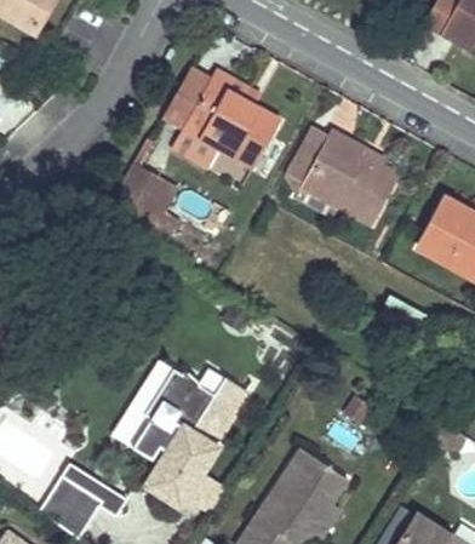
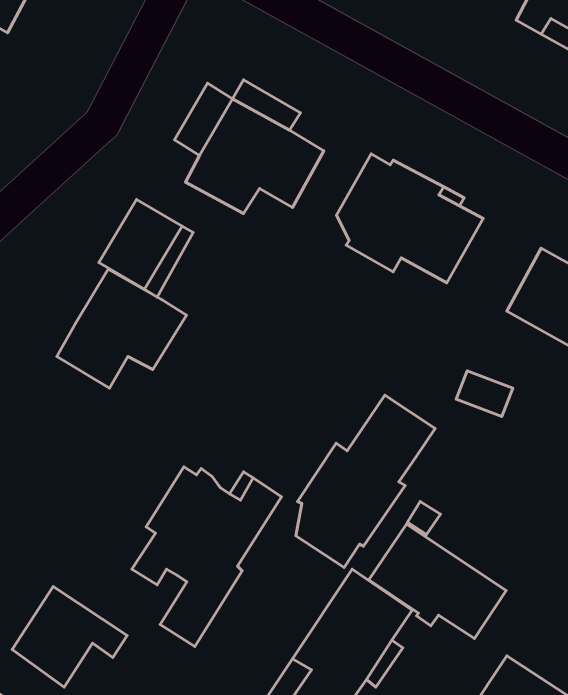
building: none -> [57,269,186,388]
building: none -> [296,395,435,568]
building: none -> [369,524,506,638]

